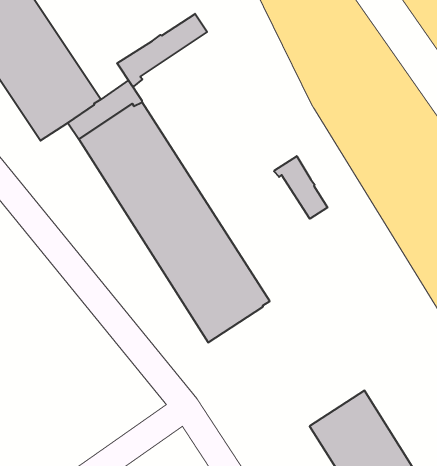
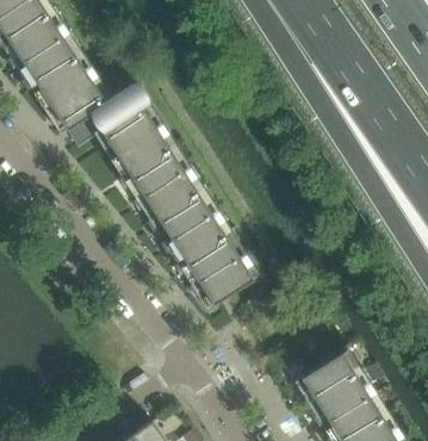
building: [117,14,207,86] -> none
building: [274,156,327,219] -> none

